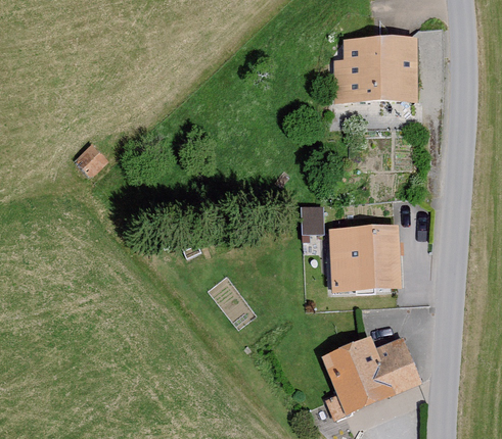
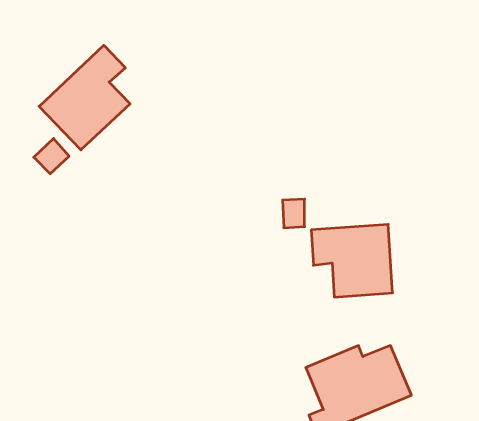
building: [332,39,416,101] -> none
building: none -> [39,45,130,150]

